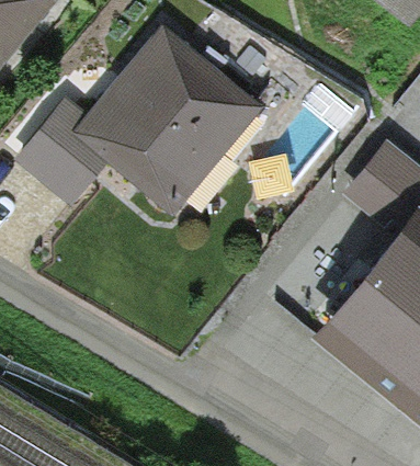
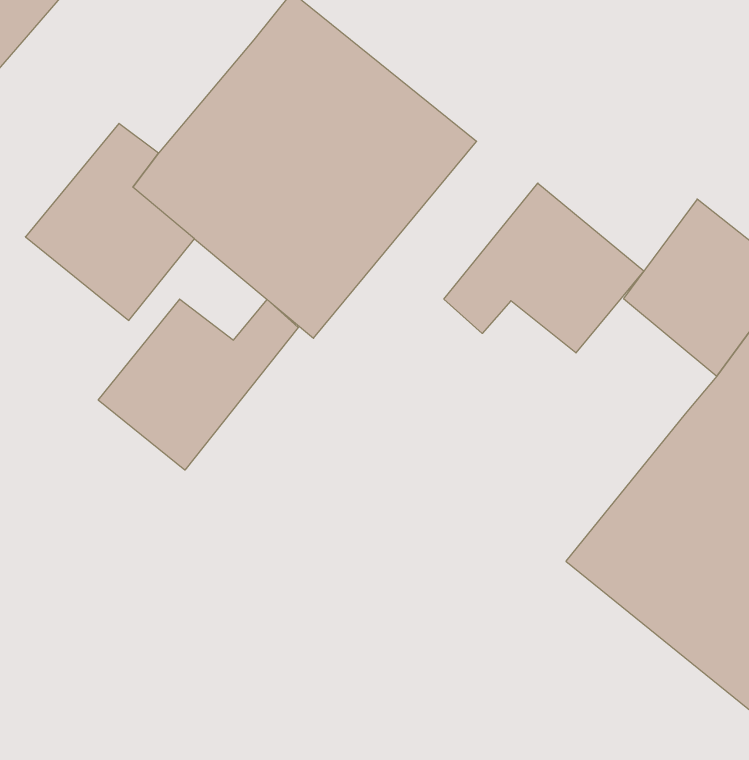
building: none -> [444,183,644,353]
building: none -> [98,299,298,470]

